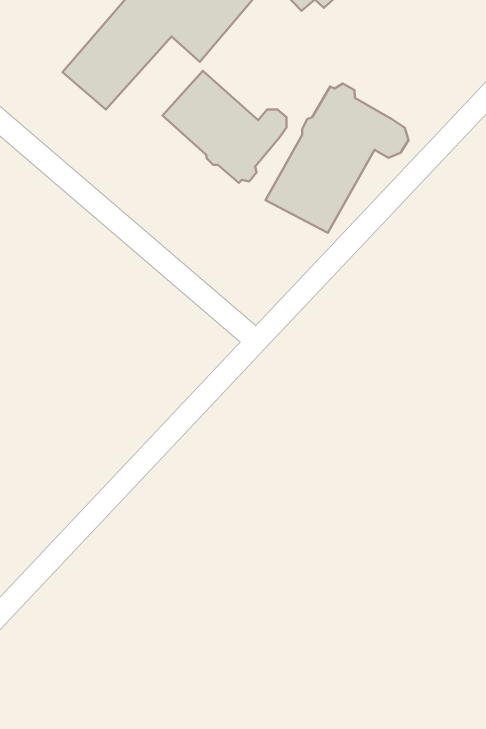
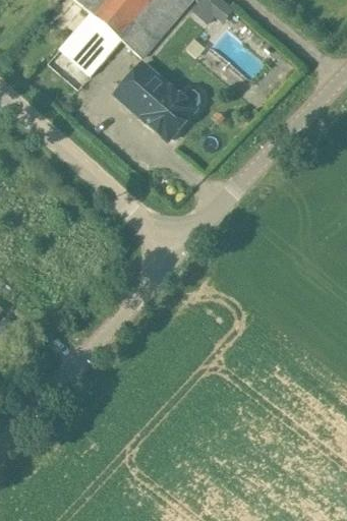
building: [266,83,408,233] -> none

